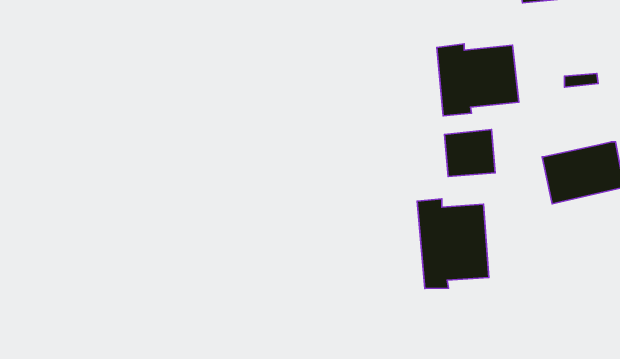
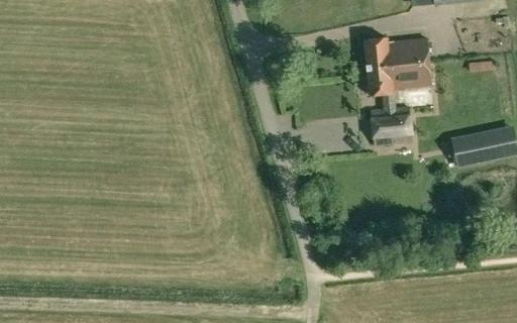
building: [417,199,489,289] -> none

